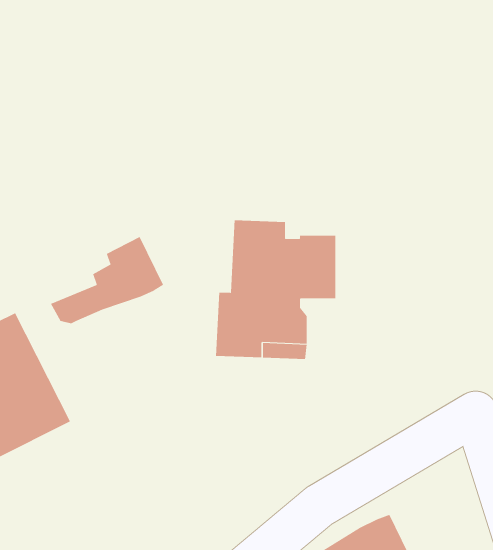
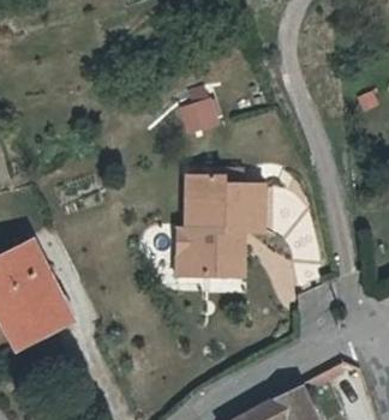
building: none -> [176,96,222,137]
building: [50,236,164,324] -> none

